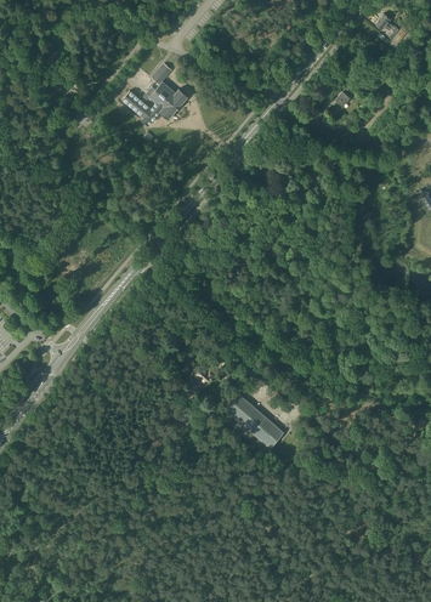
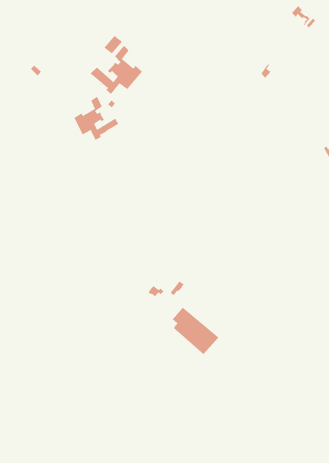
building: none -> [73,96,119,141]

